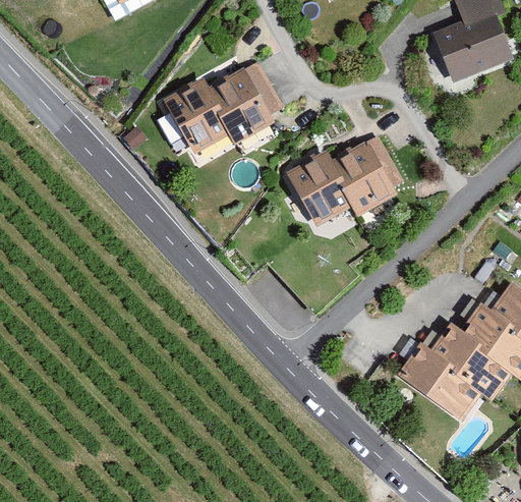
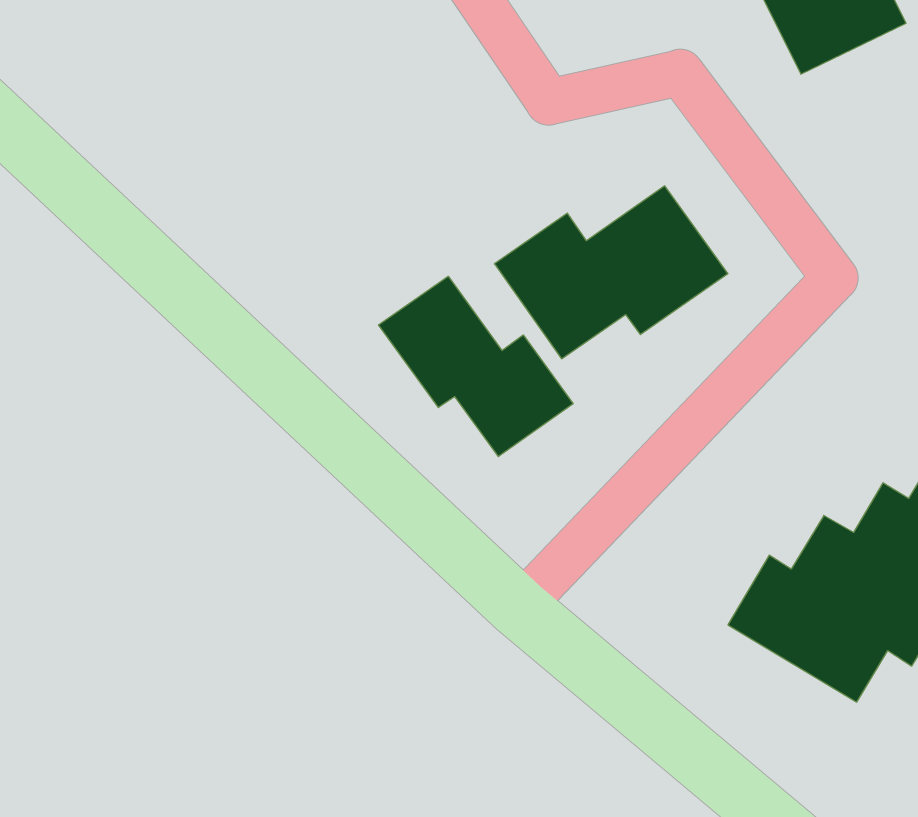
building: [158,62,288,155] -> none
building: none -> [379,276,573,457]

